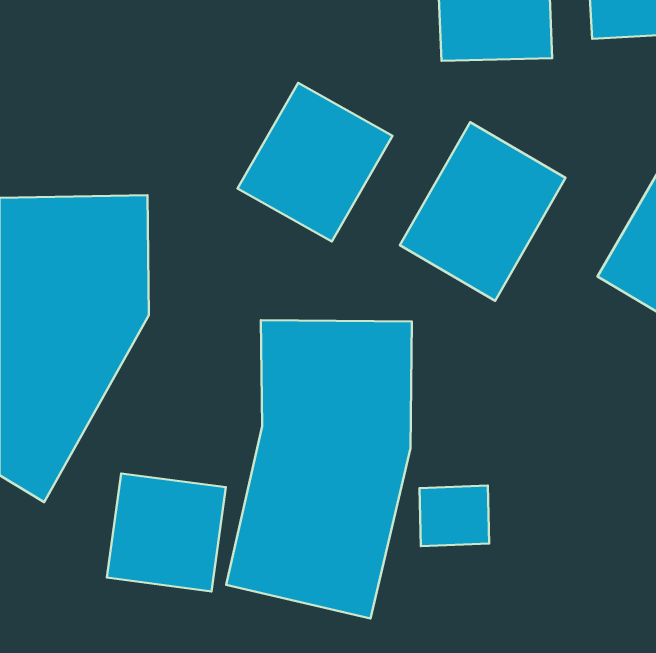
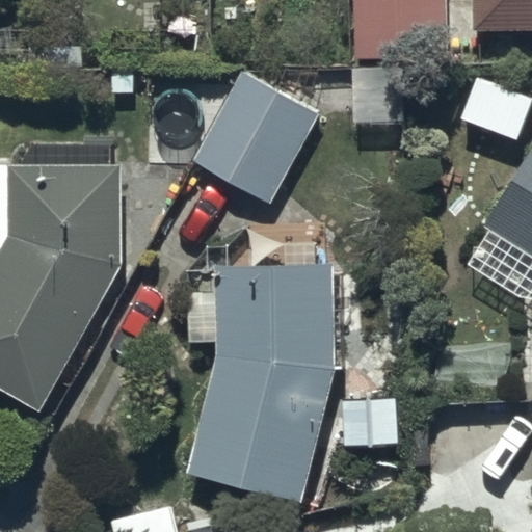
building: [400,122,565,301] -> none
building: [107,473,226,591] -> none

